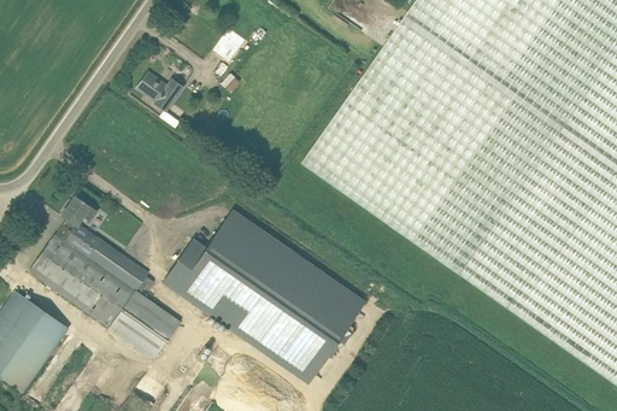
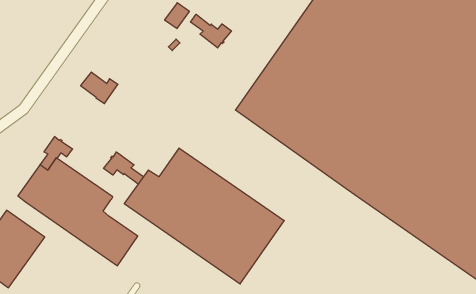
building: none -> [191,14,231,48]
building: [136,70,183,110] -> [81,72,118,104]
building: none -> [104,152,143,184]

